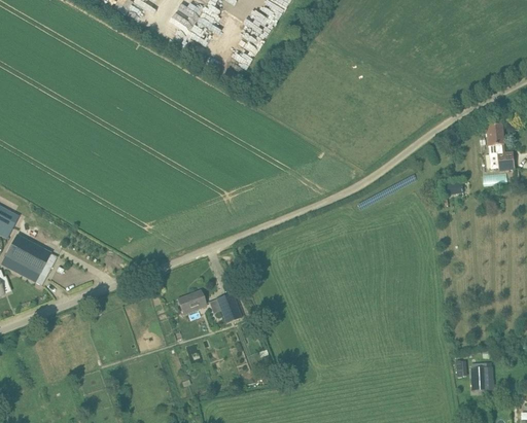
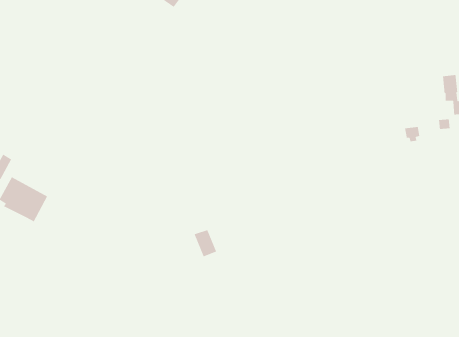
building: [177,289,205,313] -> none
building: [470,365,488,389] -> none

